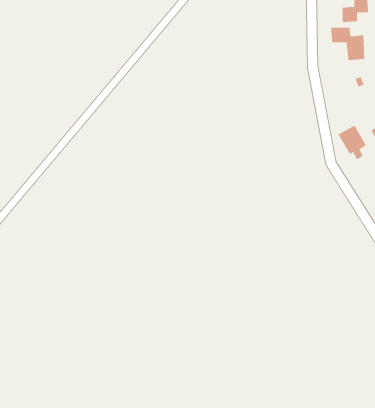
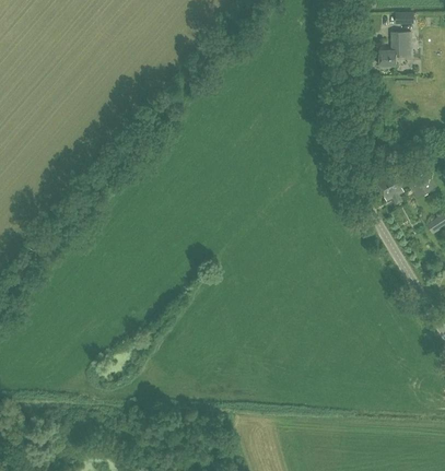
building: [330,27,365,61] -> none

